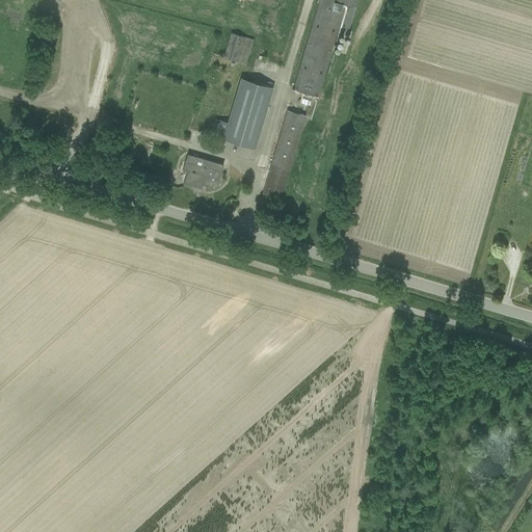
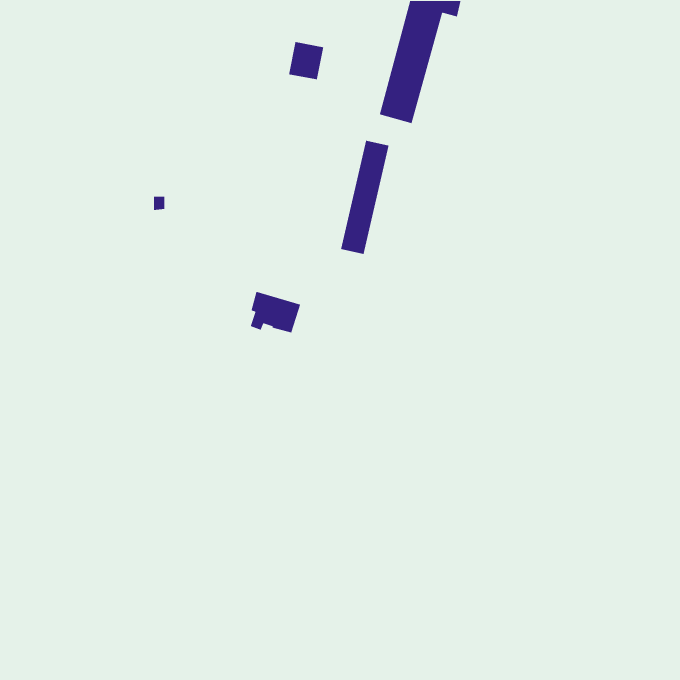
building: [212,79,273,149] -> none
building: [184,156,224,189] -> [249,291,301,333]

